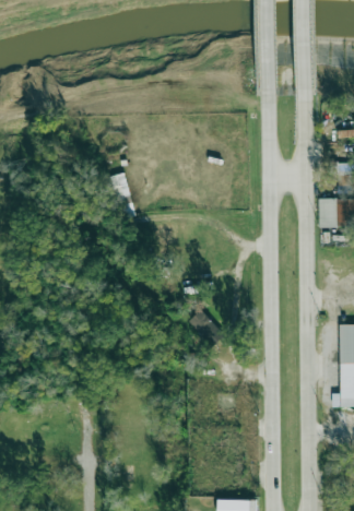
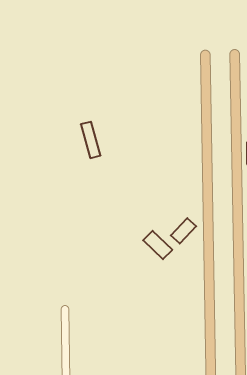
building: none -> [171,218,196,244]

